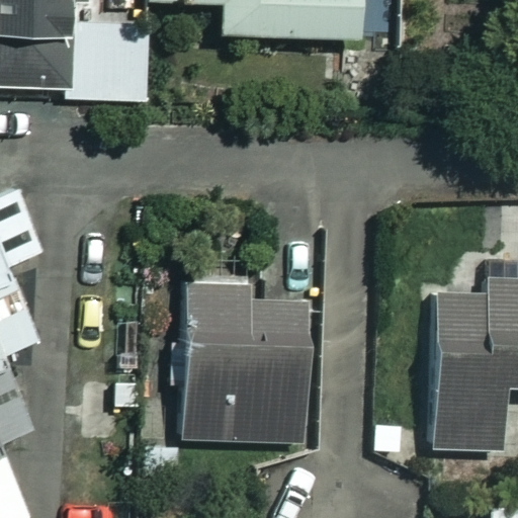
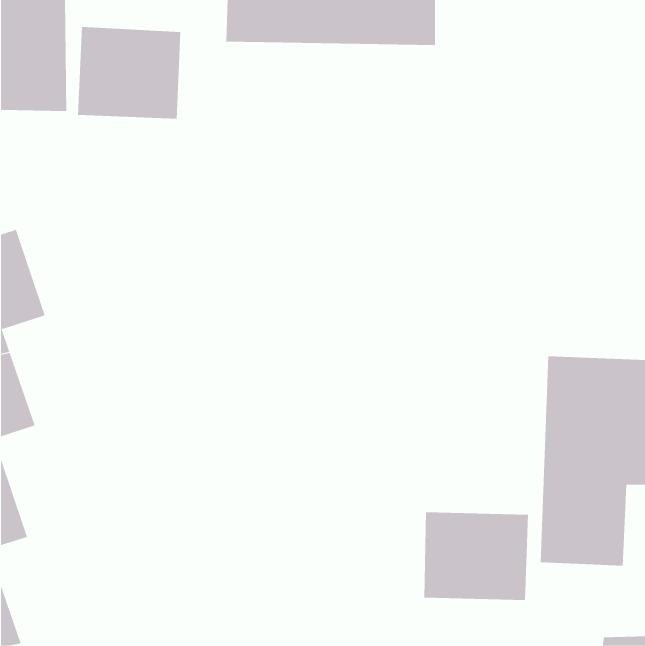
building: [185,291,308,448] -> none
building: none -> [424,512,528,601]

